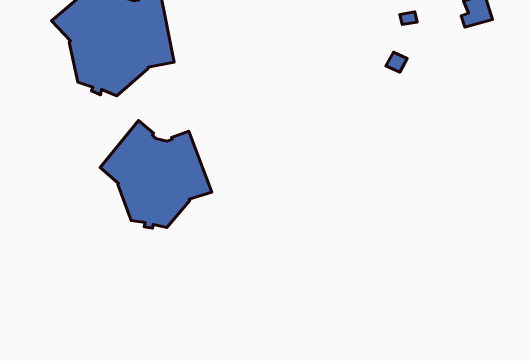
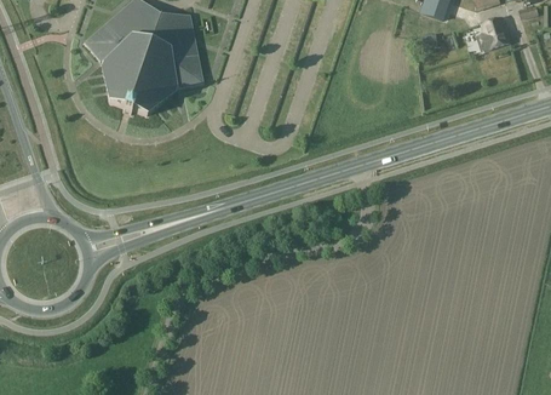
building: [100,120,212,228] -> none

